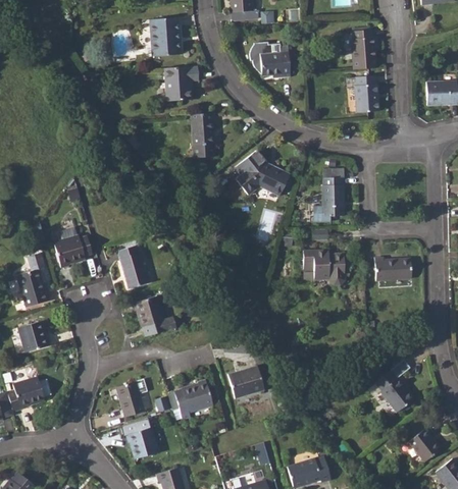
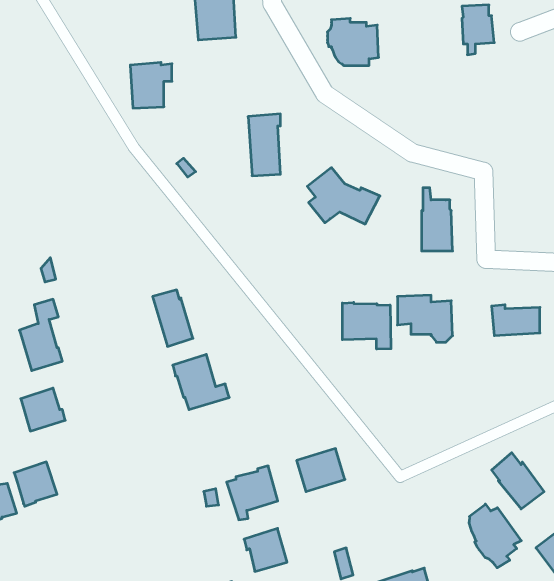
building: [166,66,198,101] -> [130,62,172,108]
building: [348,75,379,112] -> none
building: [55,226,93,268] -> none
building: none -> [342,302,391,349]
building: [116,381,145,416] -> none
building: none -> [469,504,521,568]
building: [126,427,159,459] -> [244,528,287,571]

